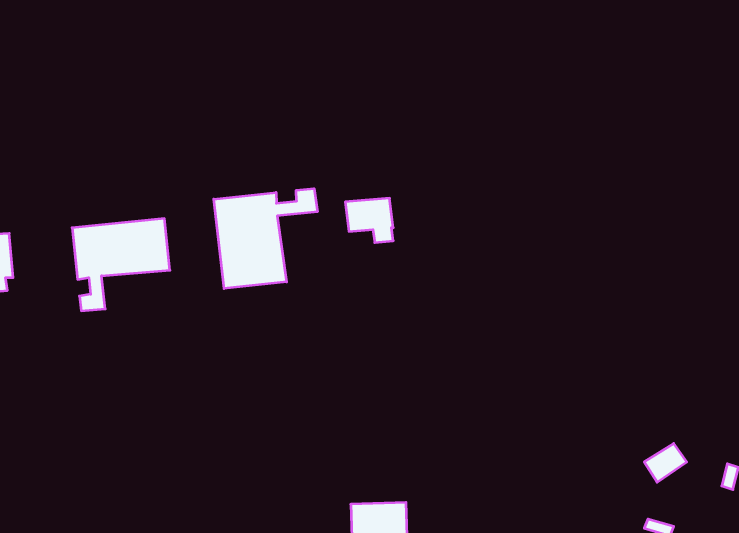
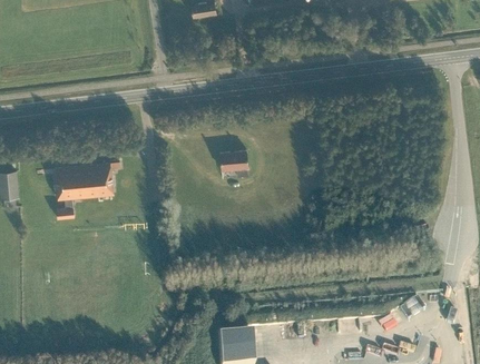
building: [214,189,317,289] -> none

